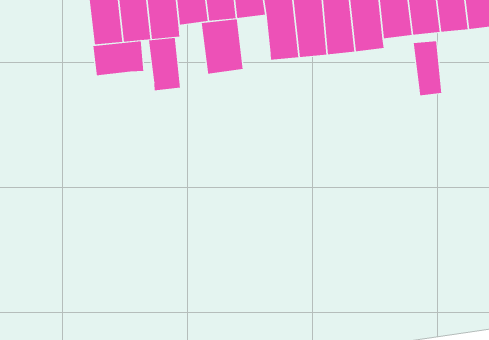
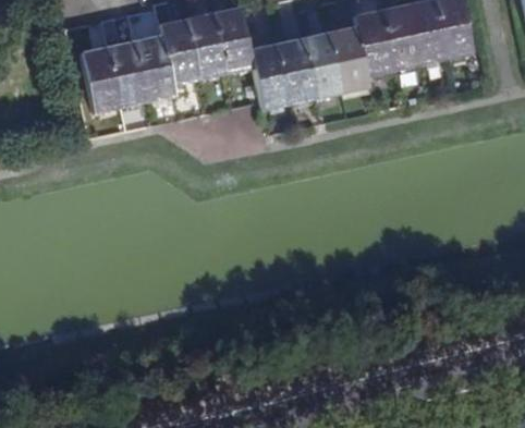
building: [201,18,243,74] -> none
building: [148,37,181,91] -> none
building: [93,40,144,76] -> none
building: [413,40,442,96] -> none

